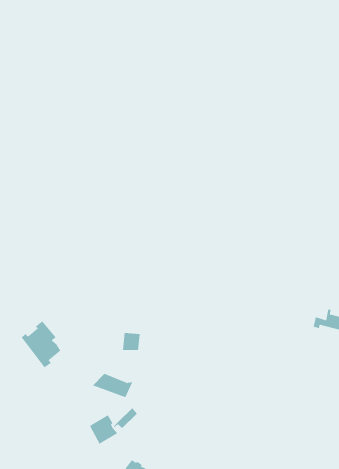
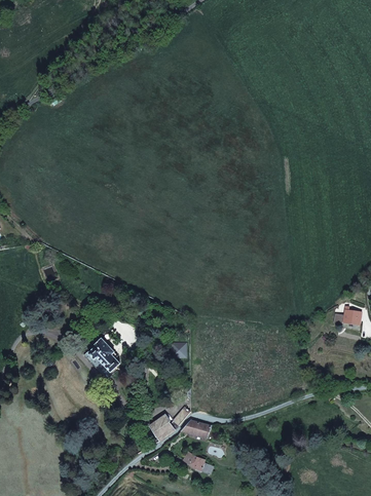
building: [92,373,133,398] -> [181,419,216,438]

